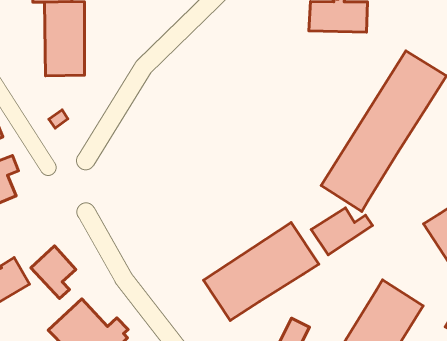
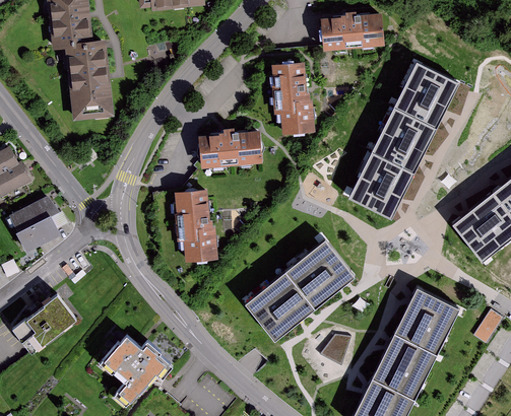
building: none -> [271,65,317,137]
building: none -> [198,129,255,166]
building: none -> [170,193,215,265]
building: [311,208,372,255] -> none
building: [31,246,76,299] -> none

